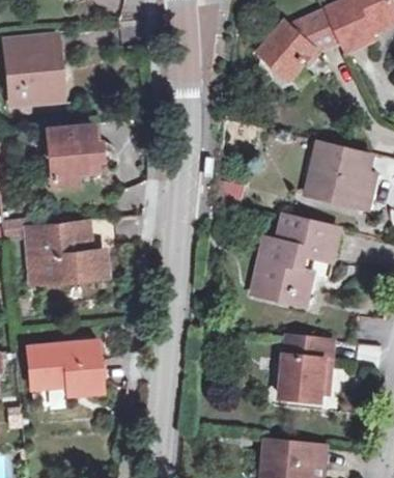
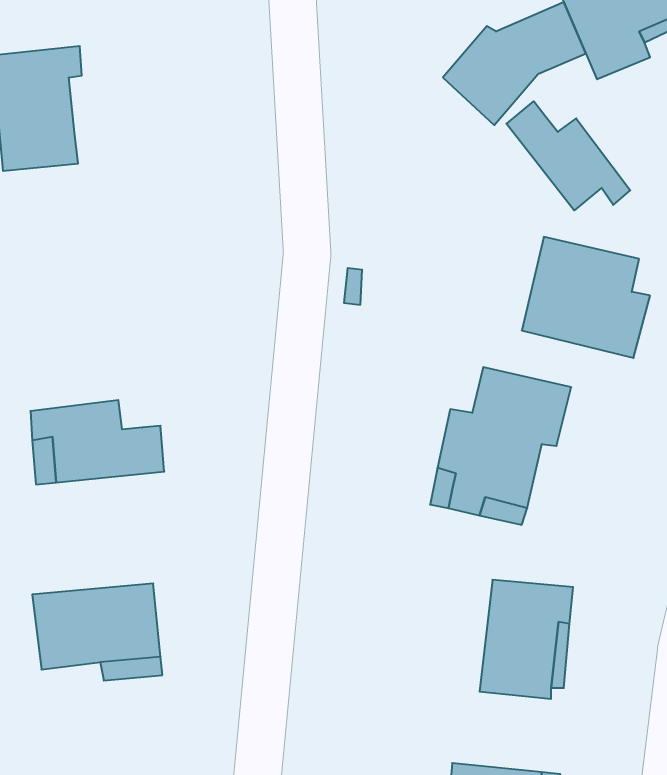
building: none -> [506,101,630,210]
building: [48,123,95,182] -> none
building: [26,221,90,252] -> none

